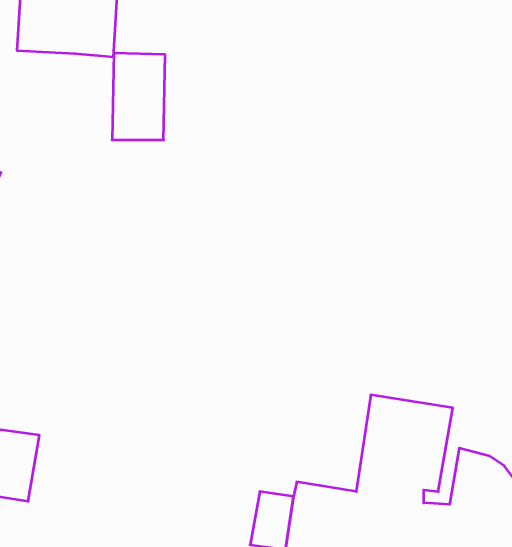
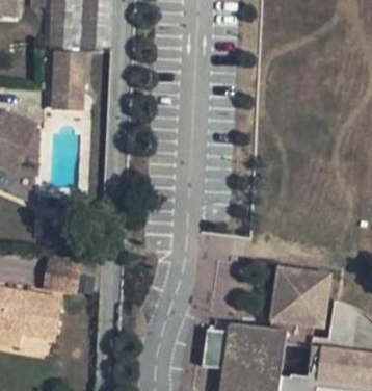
building: [112,53,165,140] -> [51,52,85,108]

